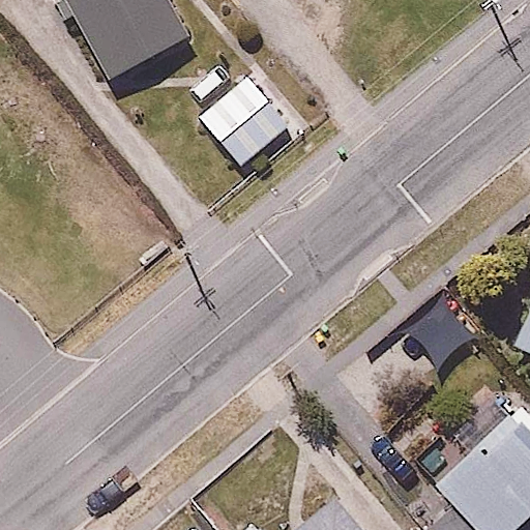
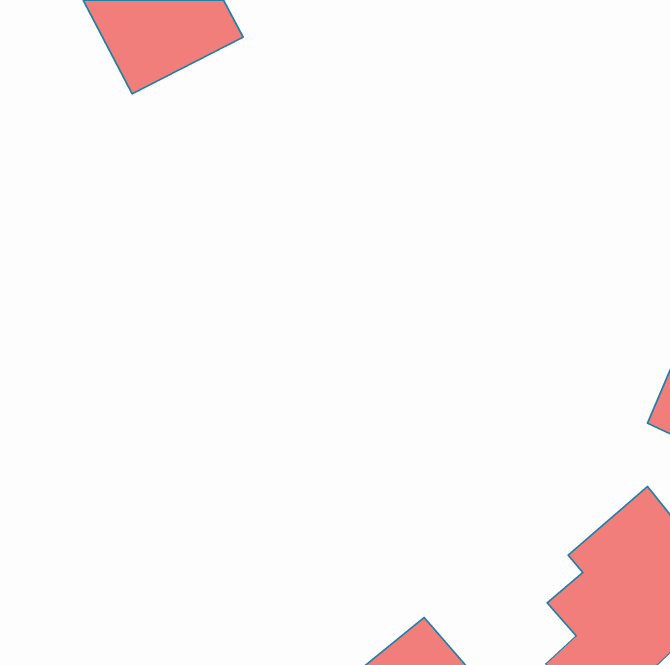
building: [206,82,292,172] -> none

